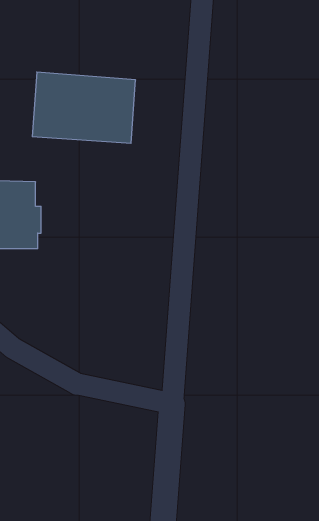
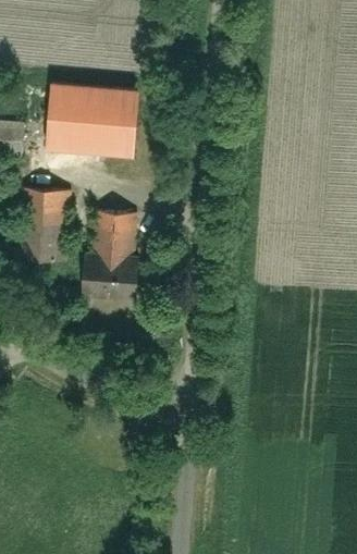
building: none -> [81,210,137,298]

